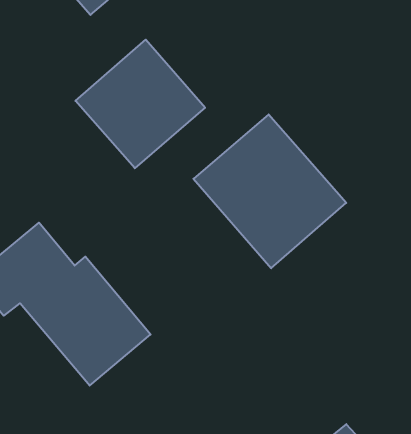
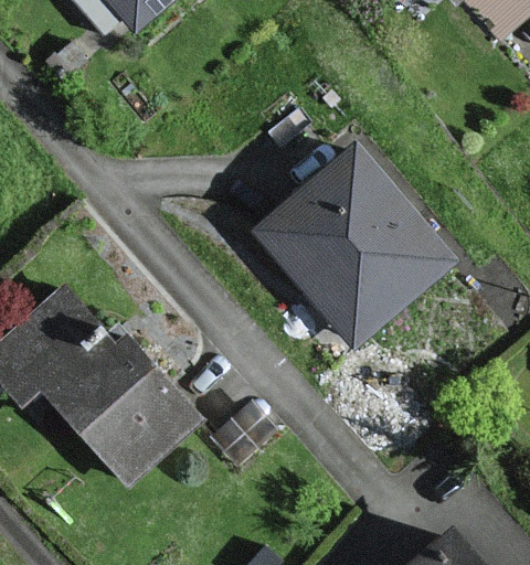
building: [75,40,205,168] -> none

